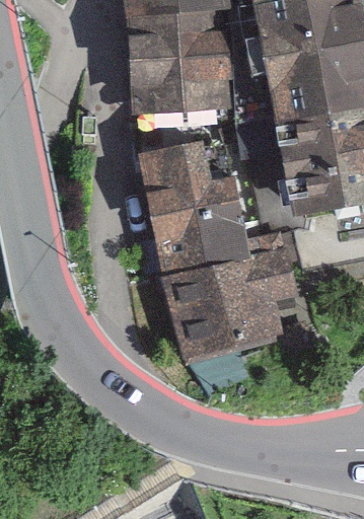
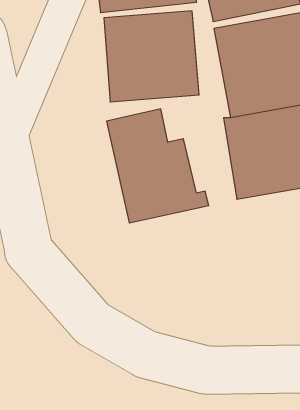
building: [161,220,285,341] -> none

